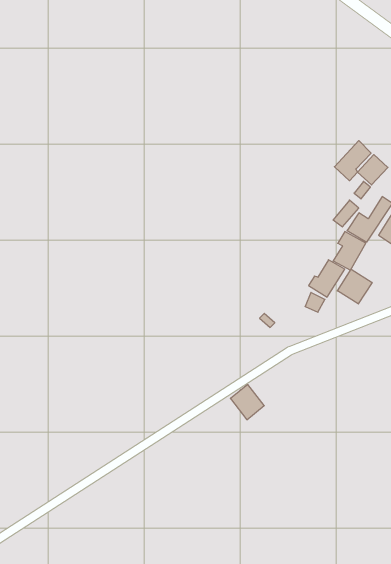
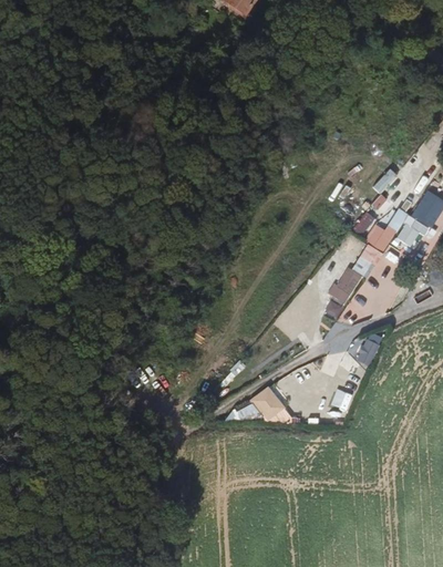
building: [334,141,371,181] -> none
building: [337,269,372,304] -> none

